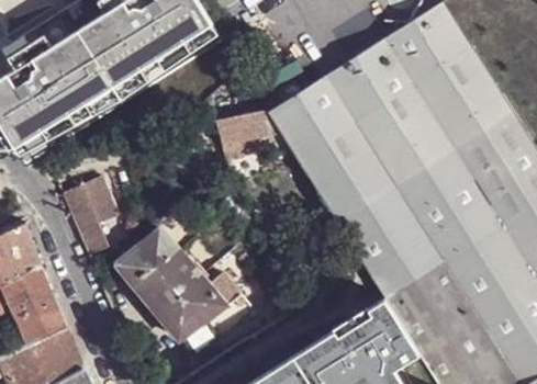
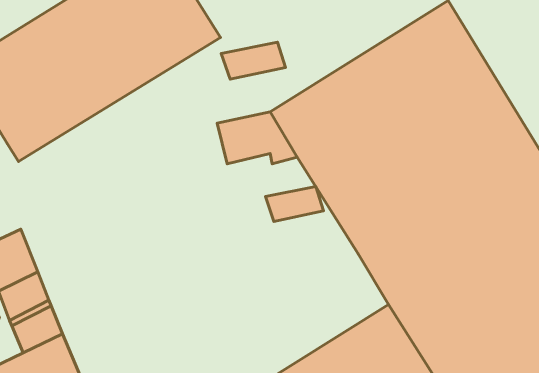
building: none -> [221,42,286,79]
building: [63,179,116,267] -> none
building: none -> [265,187,323,221]
building: [115,228,254,359] -> none

